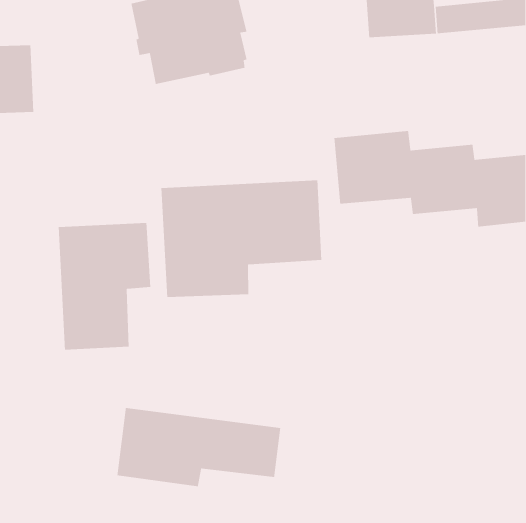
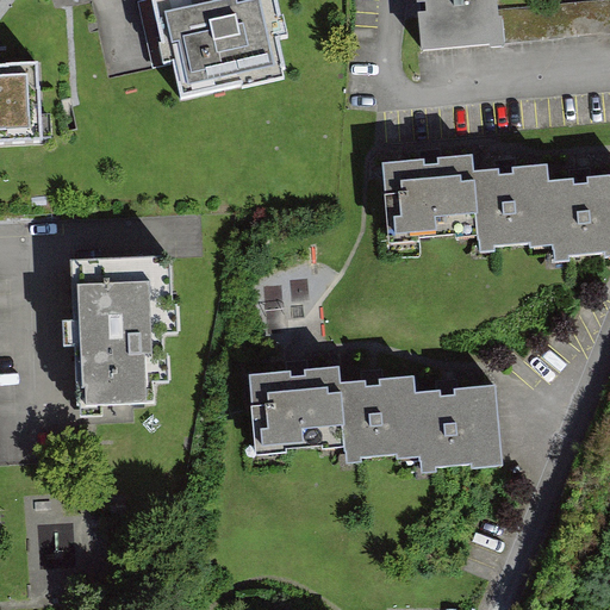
building: [161,180,322,298] -> none
building: none -> [247,362,503,474]
building: [117,407,281,487] -> none

